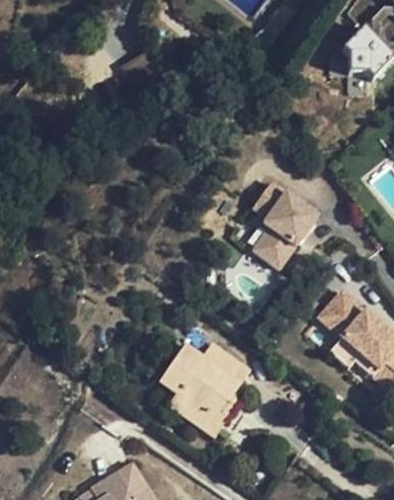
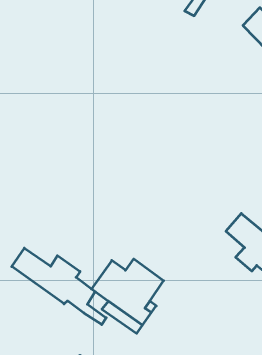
building: [252,178,324,271] -> none
building: none -> [12,248,106,325]

